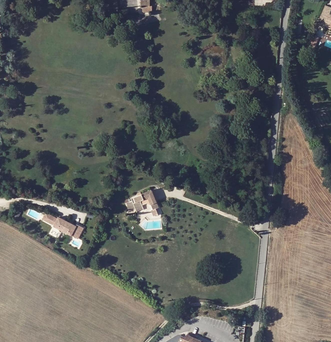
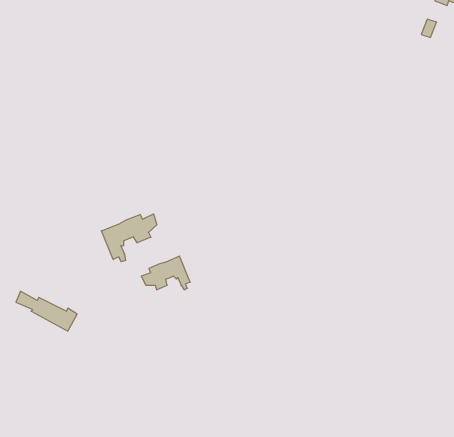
building: none -> [101,214,157,262]

